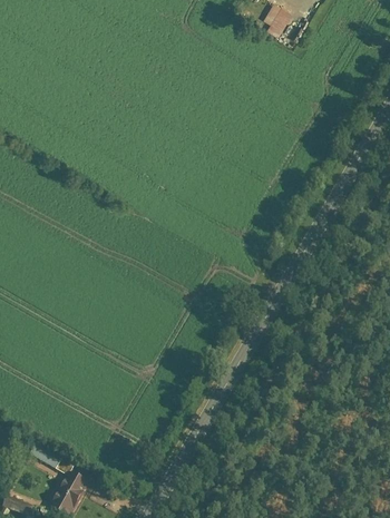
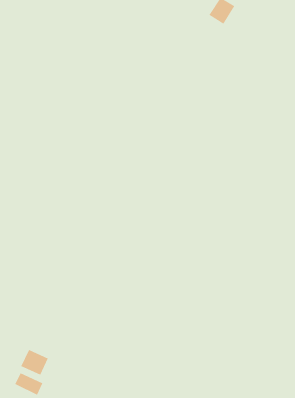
building: none -> [21,349,49,376]

